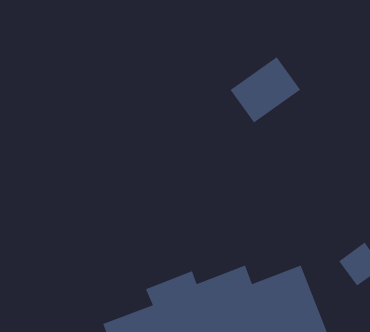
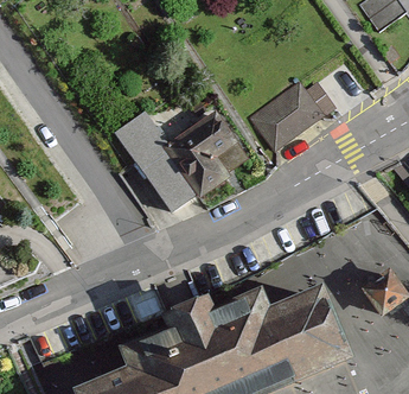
building: none -> [114,104,248,210]

